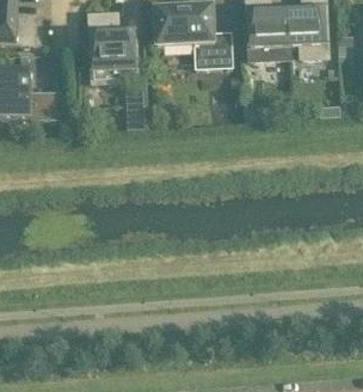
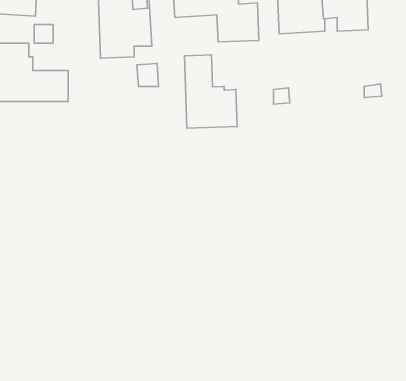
building: none -> [185,55,237,128]

